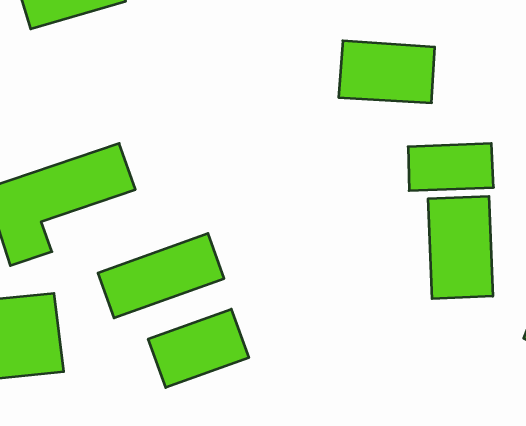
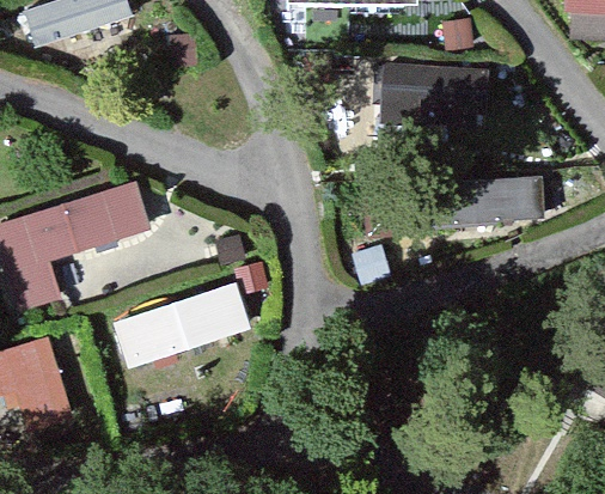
building: [428,196,493,299] -> none
building: [148,309,249,388] -> none

